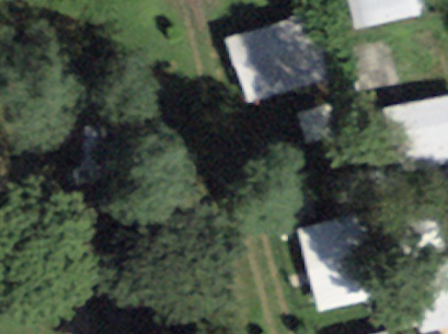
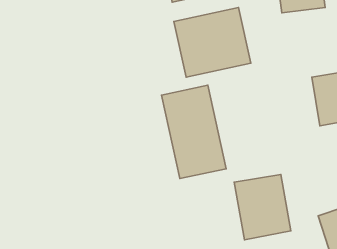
building: none -> [162,85,226,179]

